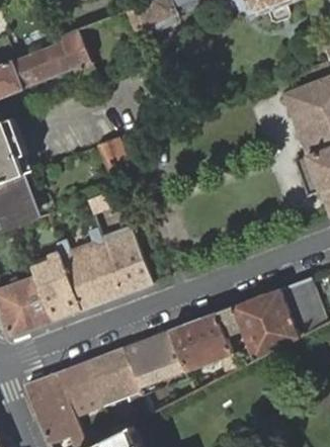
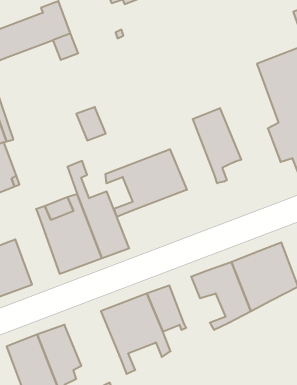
building: none -> [193,108,241,183]
building: none -> [105,149,187,217]
building: [28,251,79,321] -> none
building: [192,312,238,374] -> none
building: [84,348,141,404] -> none

